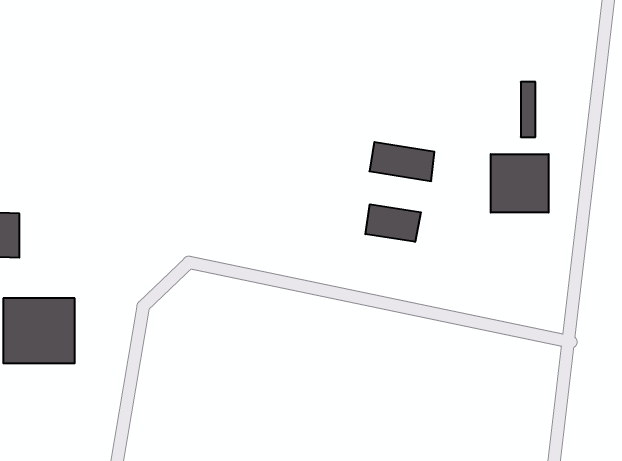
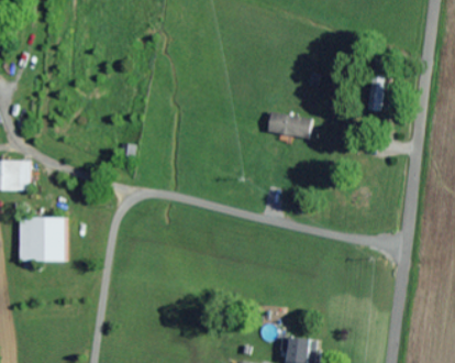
building: [491,154,549,213] -> none
building: [365,204,421,242] -> none

